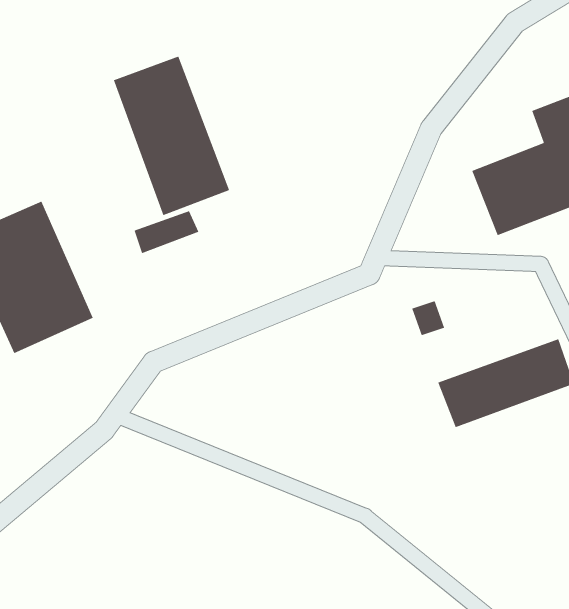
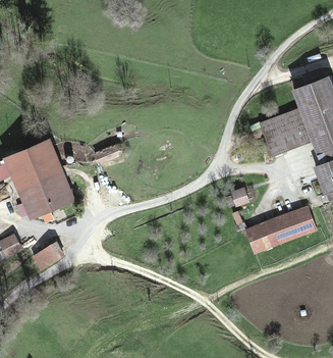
building: [113,56,230,216] -> none
building: none -> [35,242,65,268]

